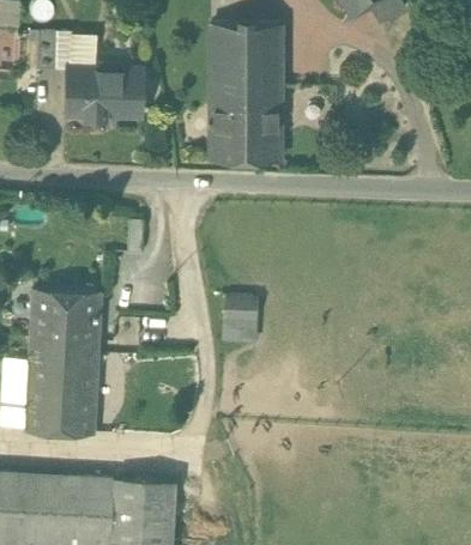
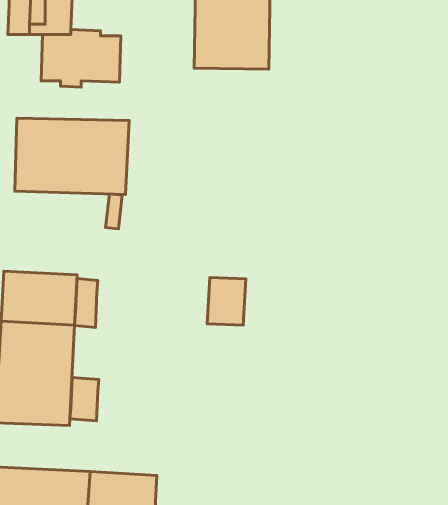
building: [209,102,280,162] -> none
building: none -> [15,118,129,194]
building: none -> [75,278,98,327]
building: none -> [70,377,99,421]

